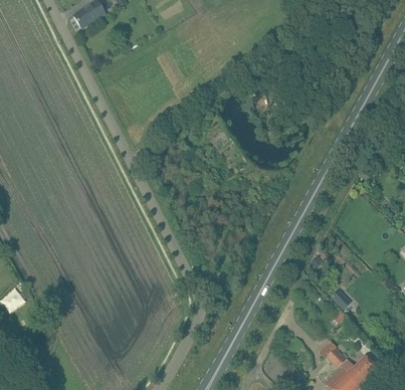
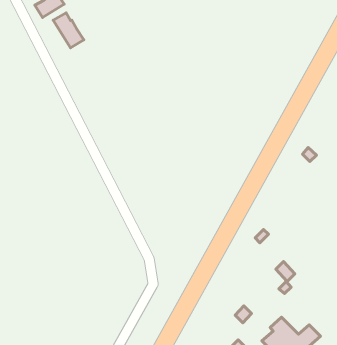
building: none -> [53,13,84,48]

